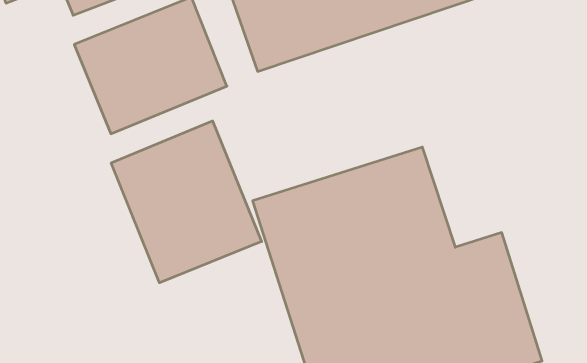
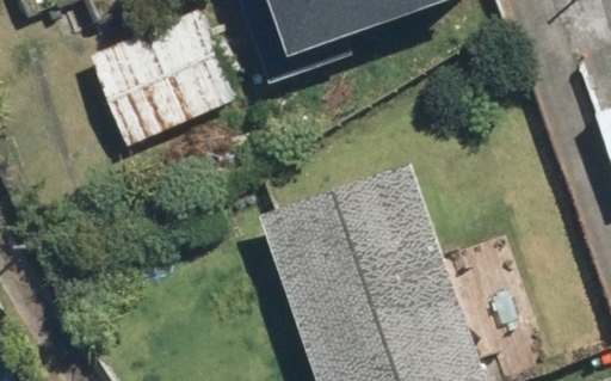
building: [111,121,262,283] -> none

